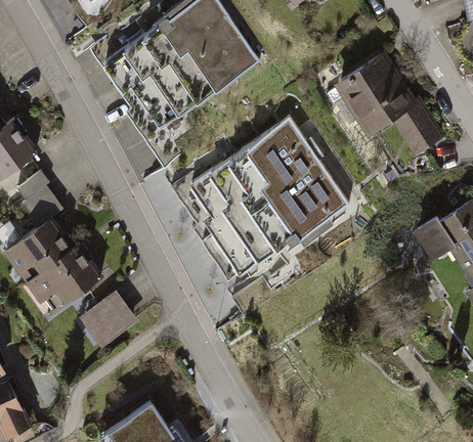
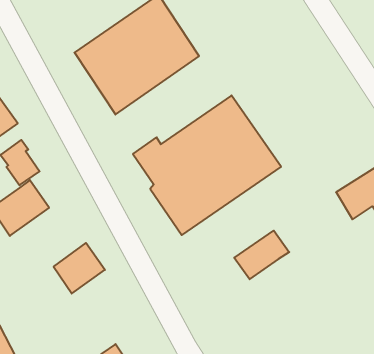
building: [338,55,440,154] -> none
building: [28,246,100,299] -> none
building: none -> [234,231,289,279]

